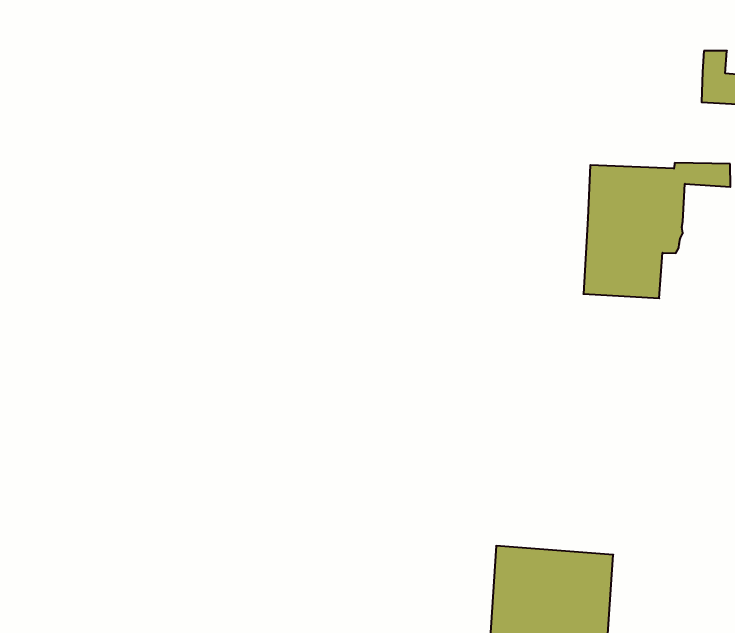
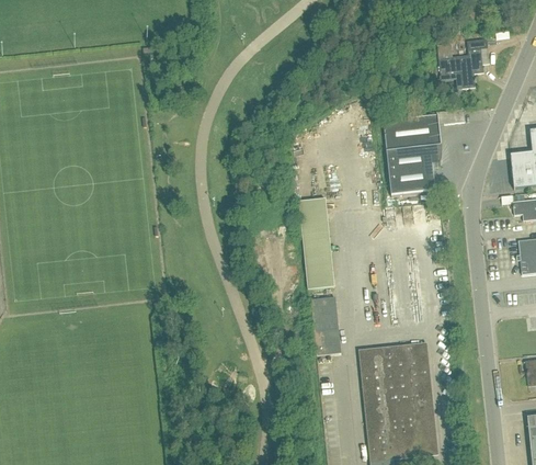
building: none -> [304,197,337,287]
building: none -> [309,297,340,355]

